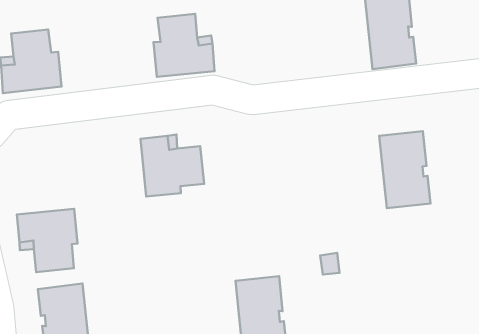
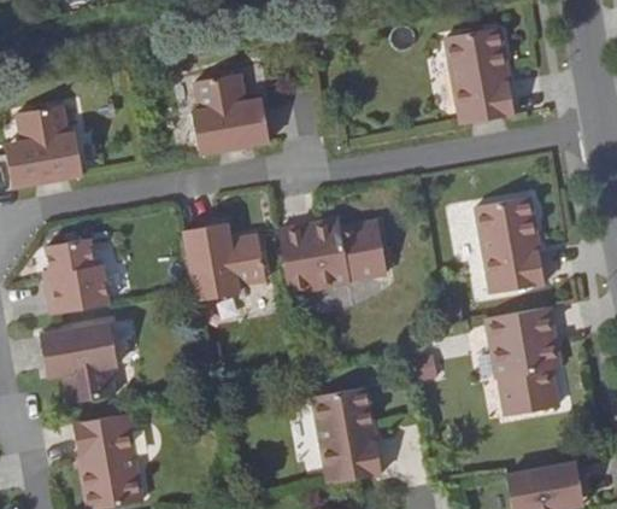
building: none -> [46,238,108,314]
building: none -> [278,220,386,292]
building: none -> [487,306,559,415]

